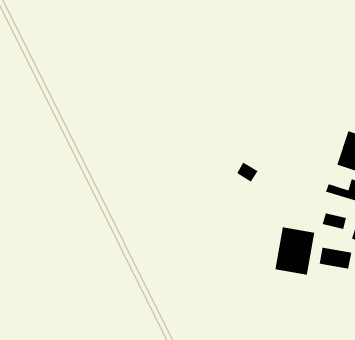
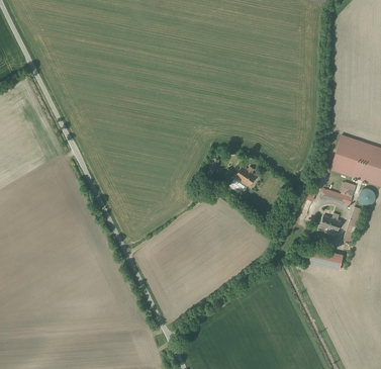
building: [275,227,315,276] -> none

